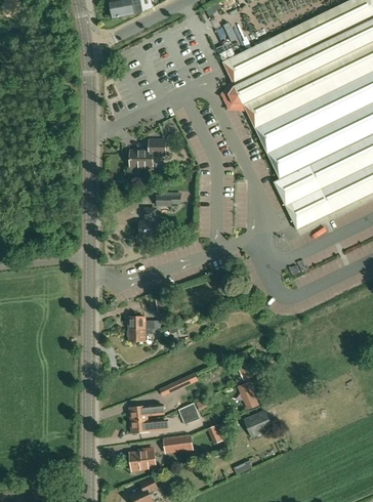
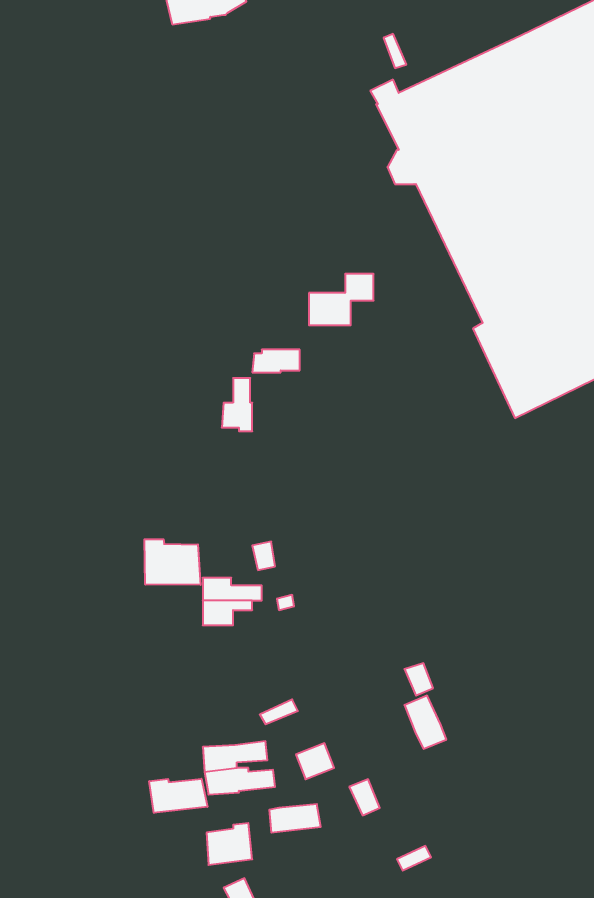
building: [130,139,165,167] -> [309,274,374,325]
building: none -> [144,539,201,585]
building: [244,409,274,436] -> none
building: none -> [149,779,207,813]

